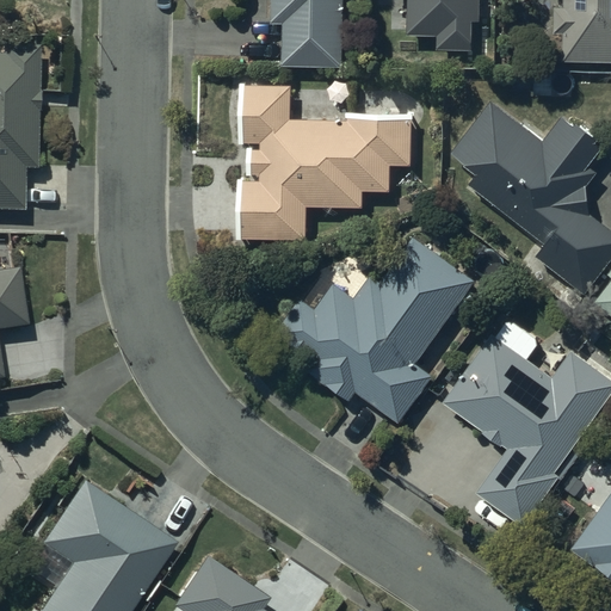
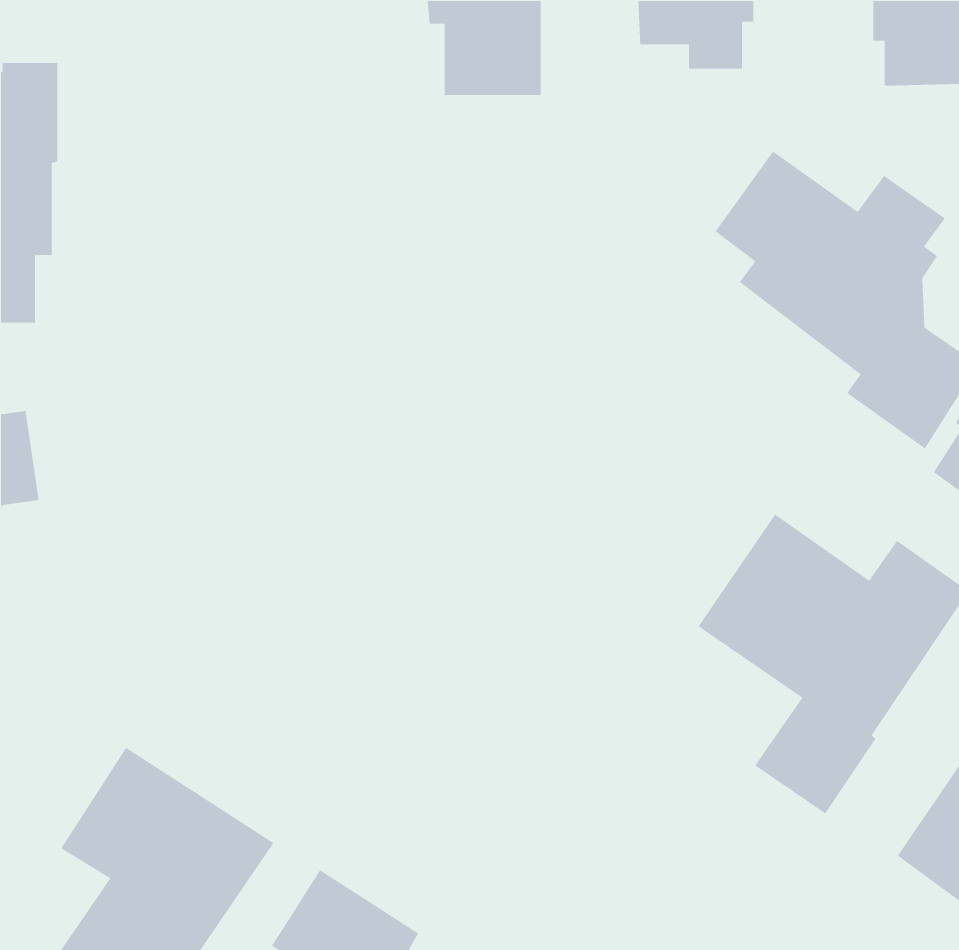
building: [236,85,411,239] -> none
building: [276,237,477,425] -> none

